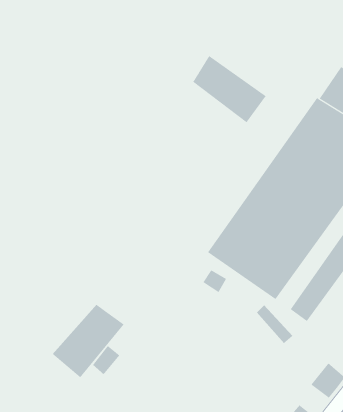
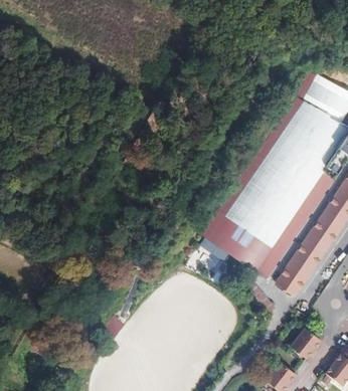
building: [193,55,267,123] -> none
building: [52,304,124,378] -> none

